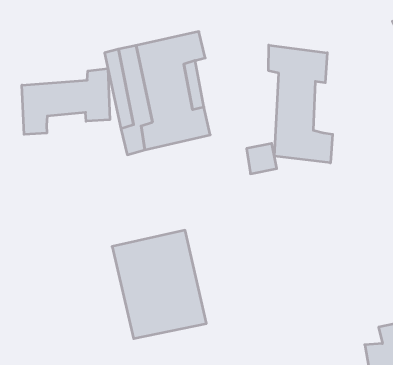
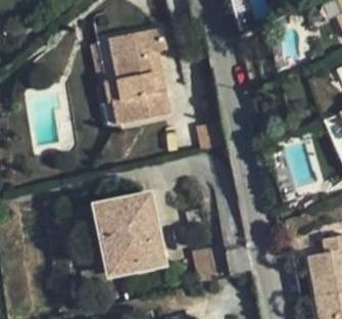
building: [269,45,333,163] -> none
building: [22,68,110,134] -> none

